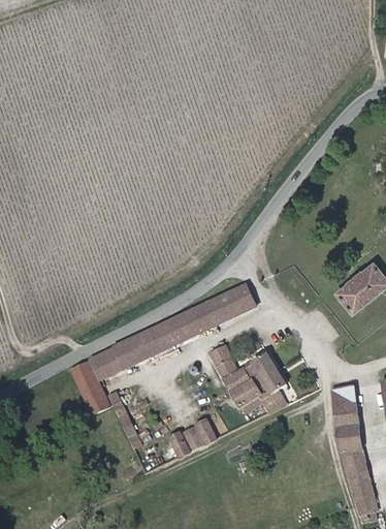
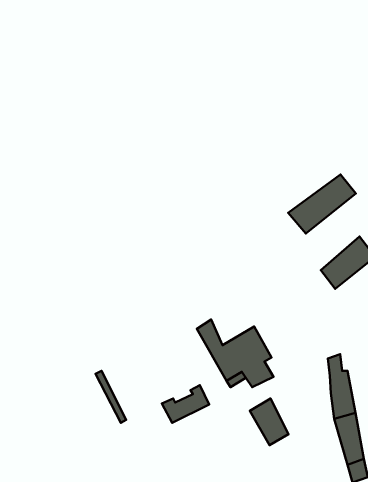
building: none -> [288,175,356,234]
building: [64,287,250,415] -> none
building: none -> [250,399,288,445]

